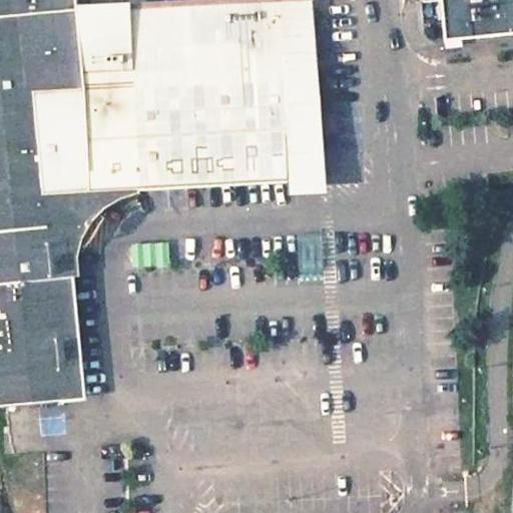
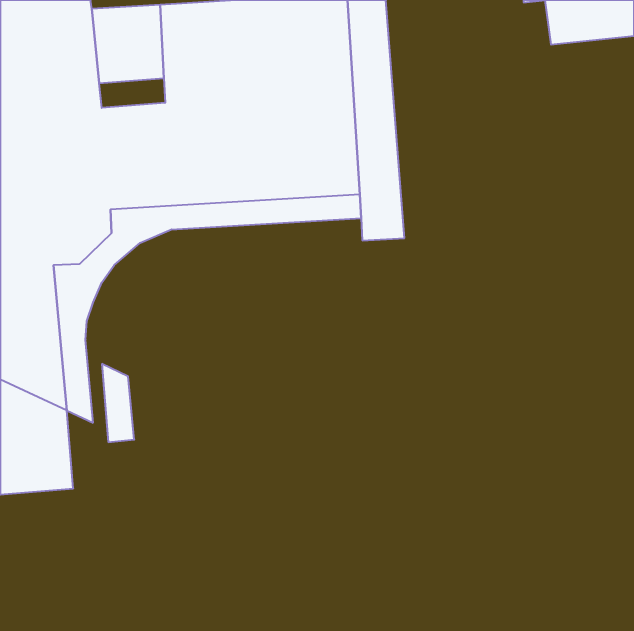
building: [80,65,133,89] -> none
building: [54,334,80,397] -> [102,364,134,442]

